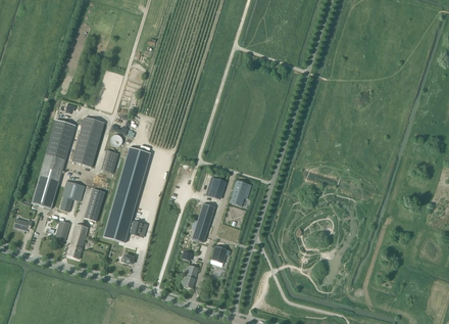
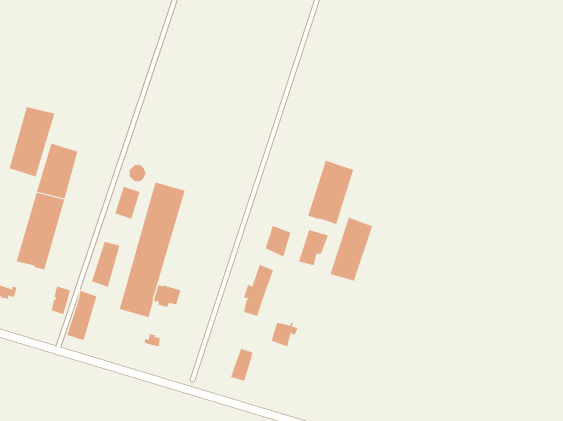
building: [72,117,105,167] -> [9,106,55,177]
building: none -> [308,160,354,225]
building: none -> [330,217,373,281]
building: [61,180,85,209] -> none

